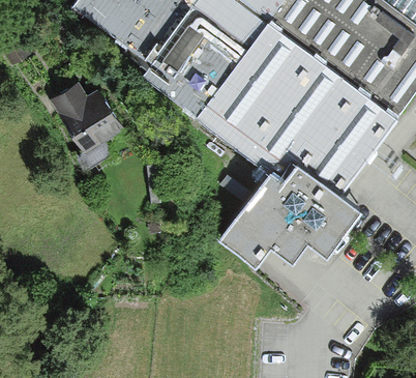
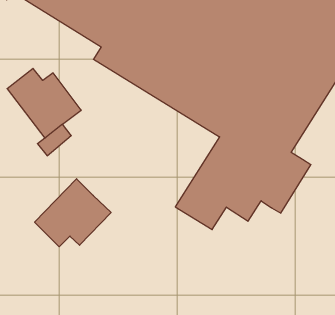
building: none -> [35,179,111,247]

